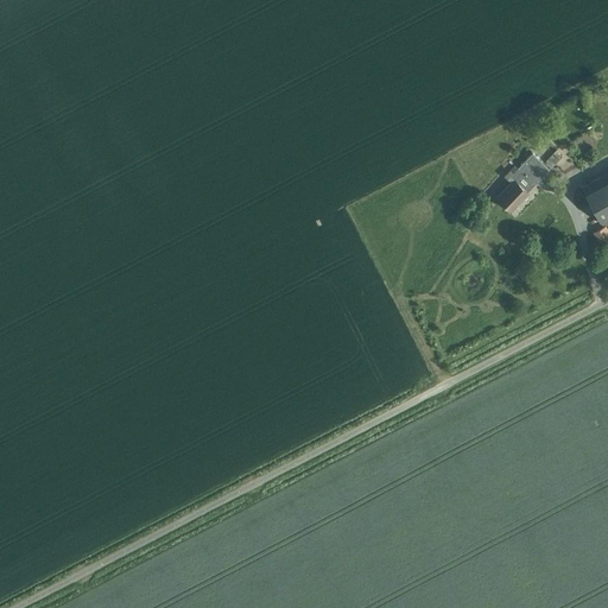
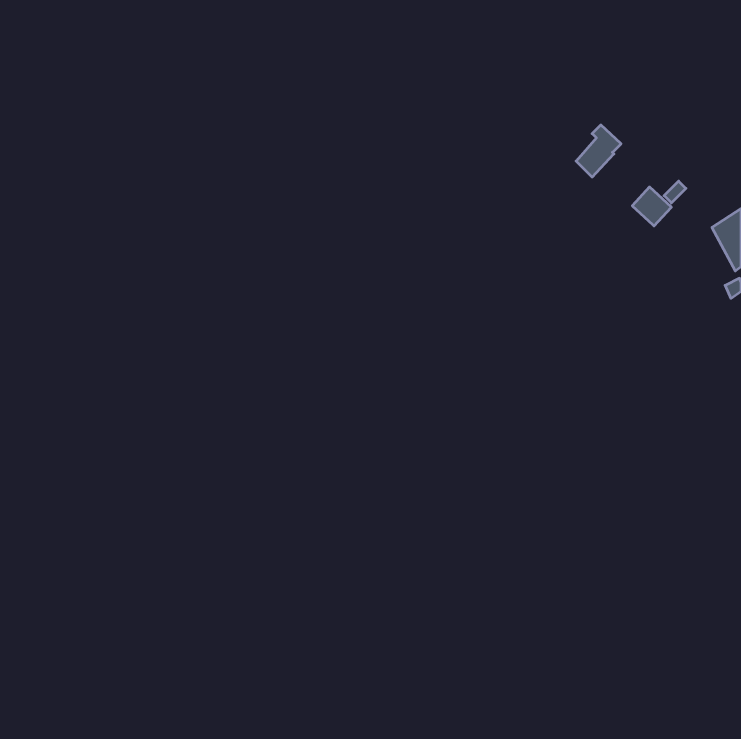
building: [498,170,534,213] -> [576,125,621,177]

